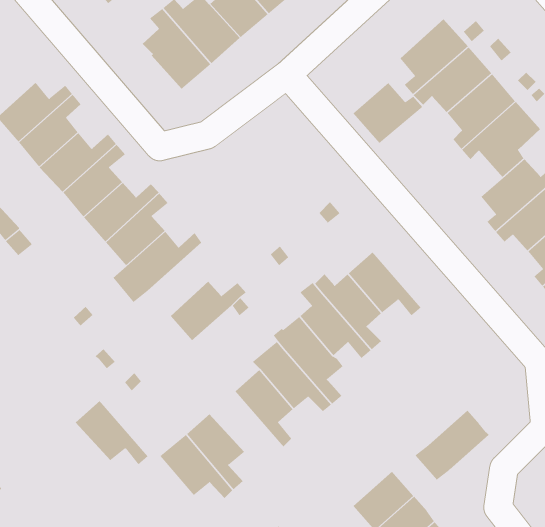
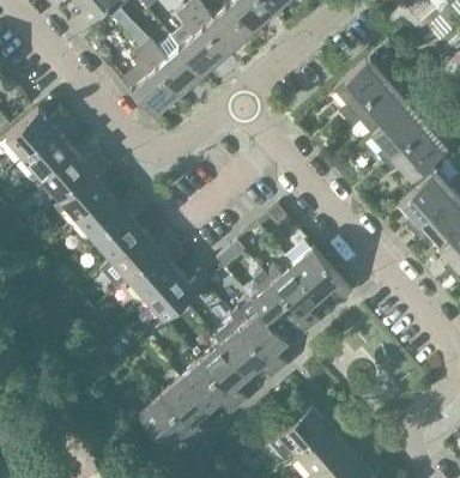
building: [352,82,423,144] -> none
building: none -> [128,241,180,301]
building: [75,400,149,465] -> [178,362,238,415]
building: [414,410,490,480] -> [266,406,327,464]

